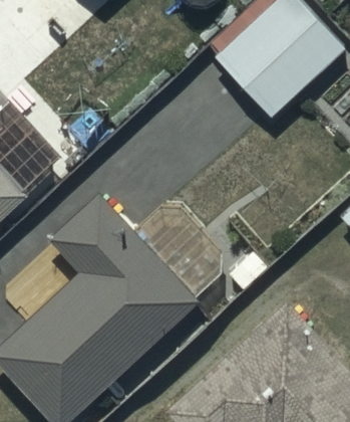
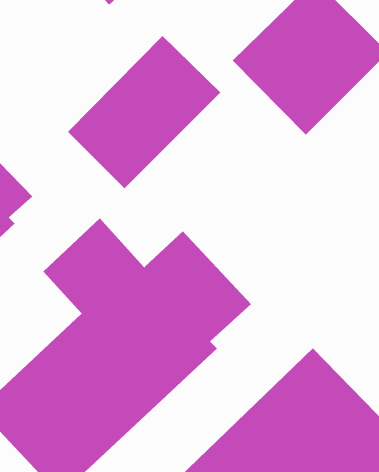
building: none -> [67,35,221,189]

